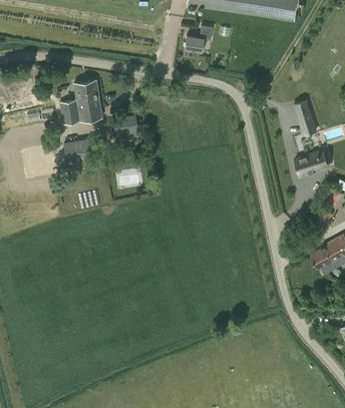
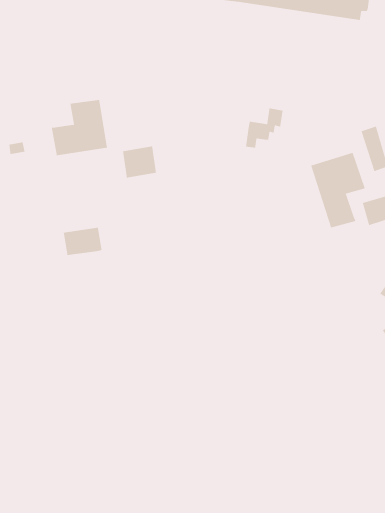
building: [184,25,213,56] -> [245,107,284,149]
building: none -> [310,152,366,229]
building: [64,140,94,162] -> [63,227,103,256]

